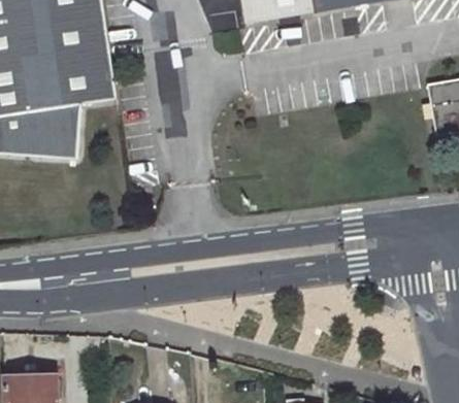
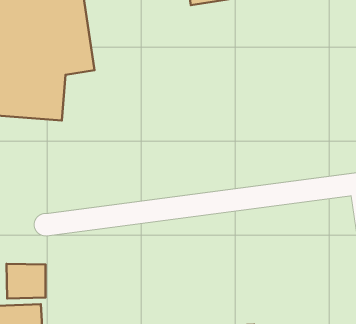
building: none -> [7,264,45,298]

